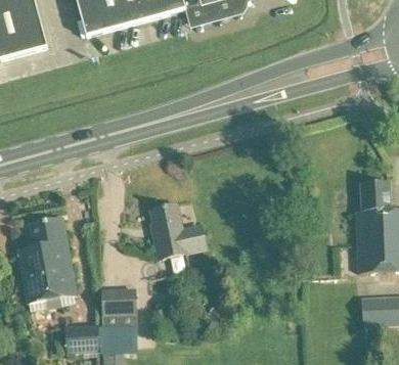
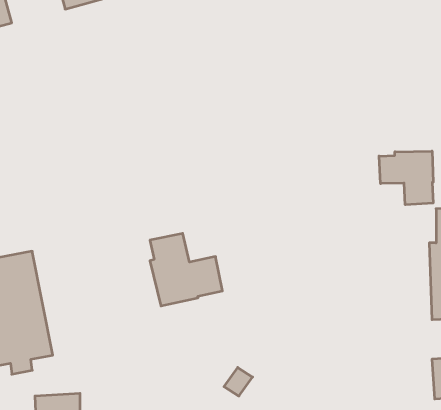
building: none -> [379,151,433,205]
building: [102,291,137,330] -> none

